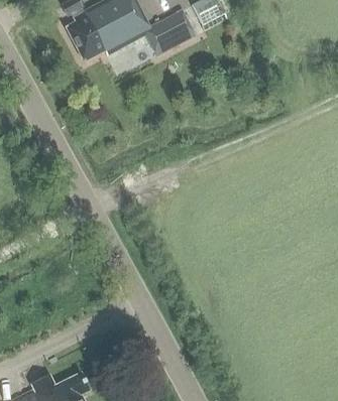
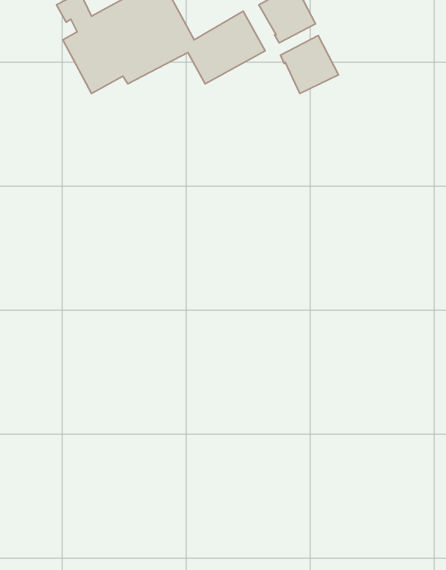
building: none -> [281,36,339,93]

